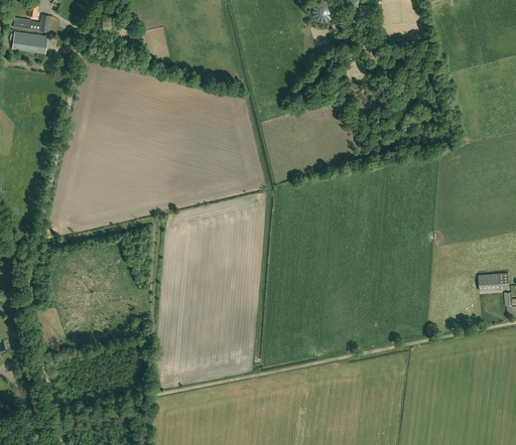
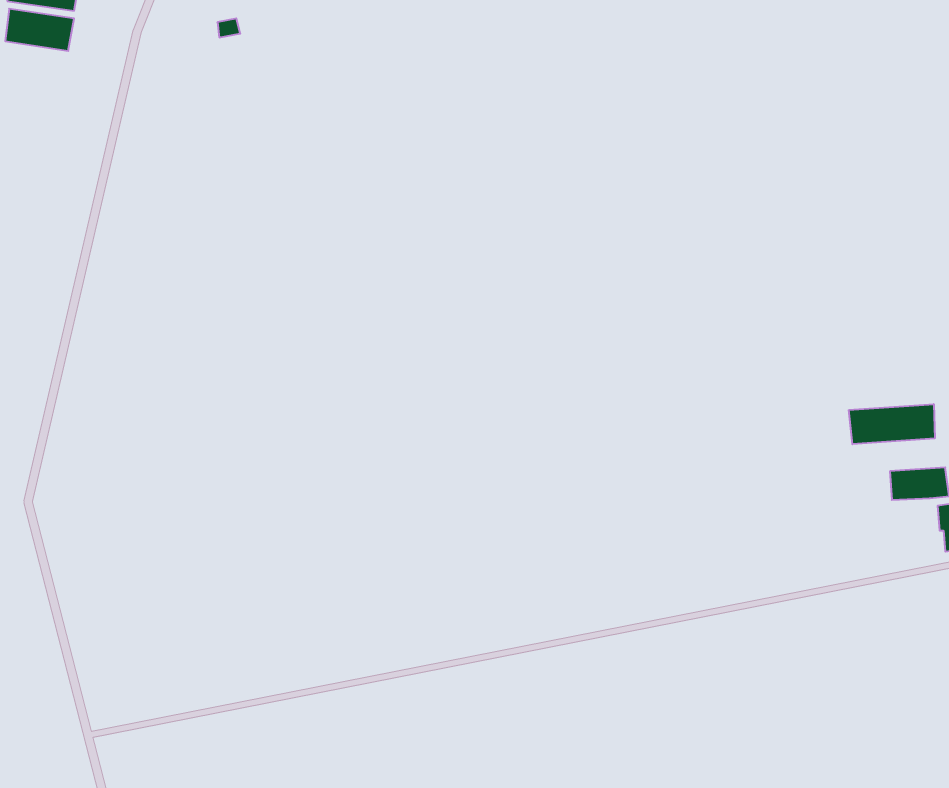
building: none -> [849,404,935,444]

